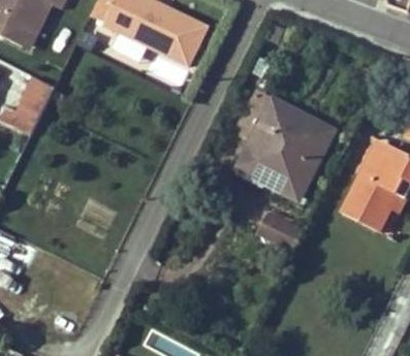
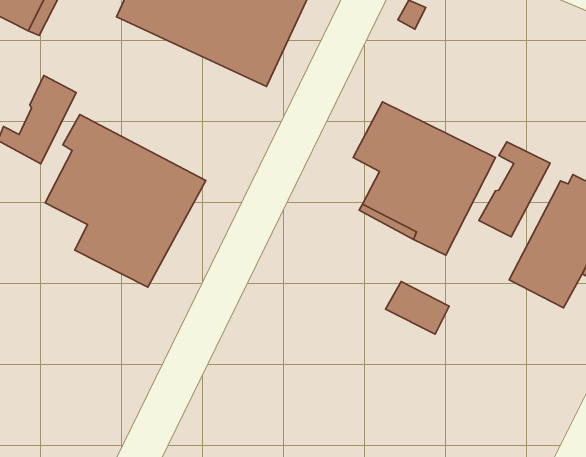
building: none -> [45,115,206,287]
building: none -> [479,142,550,237]

